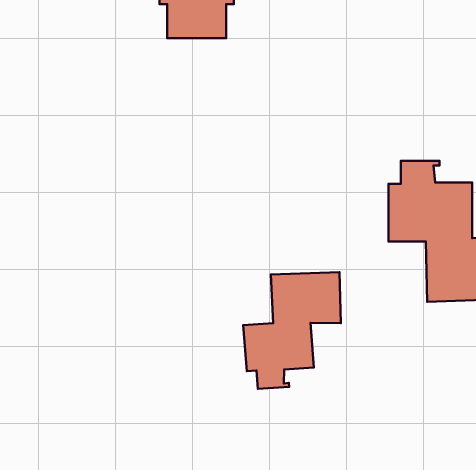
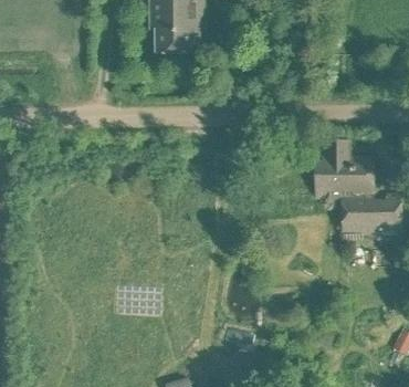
building: [243,272,341,389] -> none

